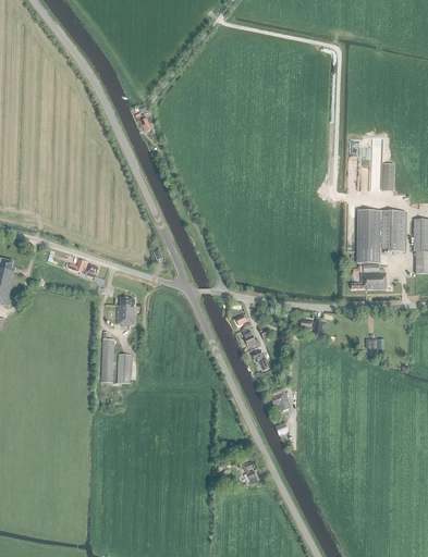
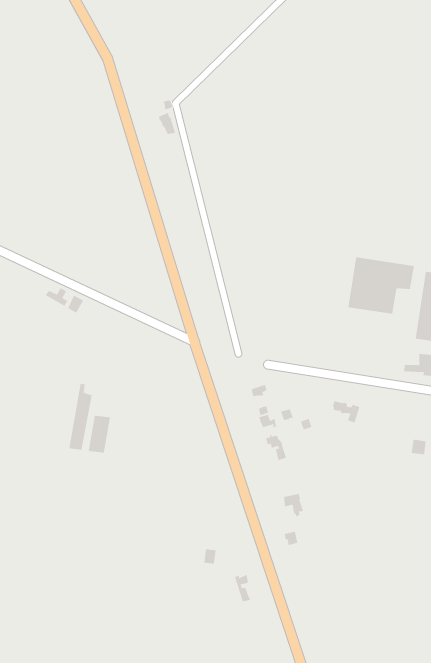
building: none -> [348,256,415,314]
building: [117,296,135,324] -> none

